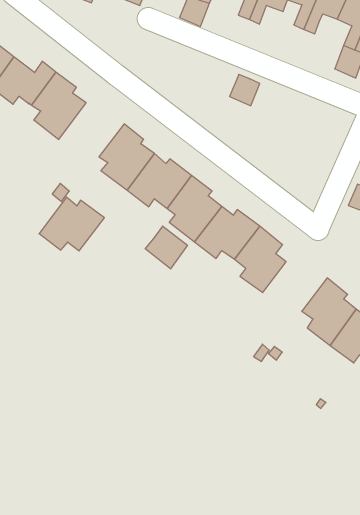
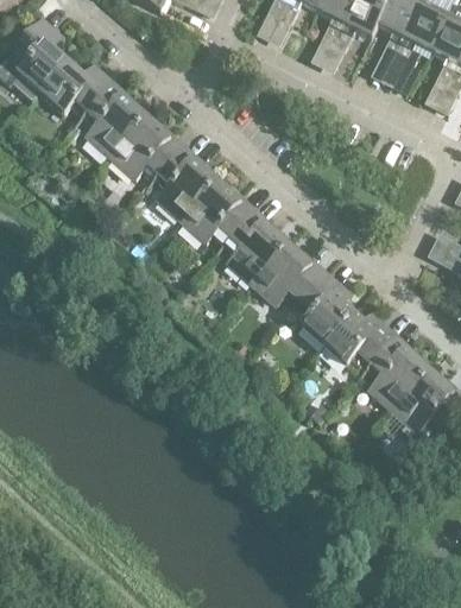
building: none -> [371,51,421,96]
building: [230,74,260,106] -> [310,37,345,72]
building: [39,197,104,251] -> [113,121,187,182]
building: [145,226,187,269] -> none
building: none -> [326,312,398,369]

